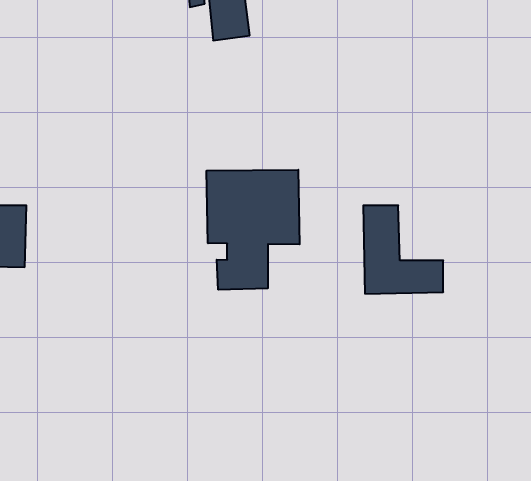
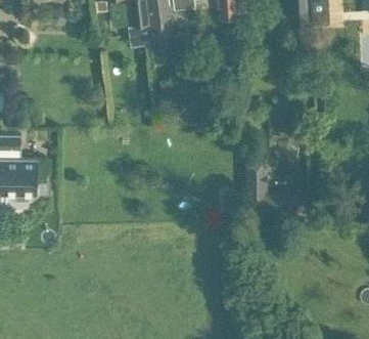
building: [207,170,300,290] -> none

